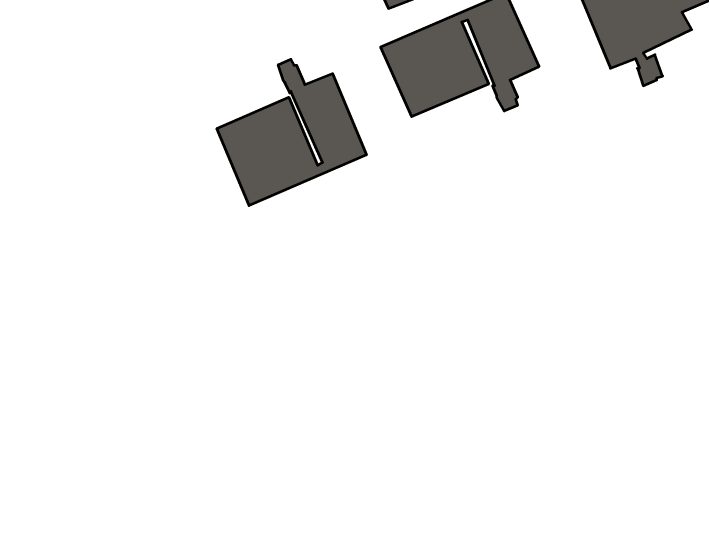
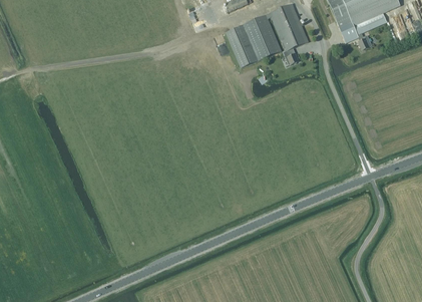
building: [217,59,366,206] -> none

